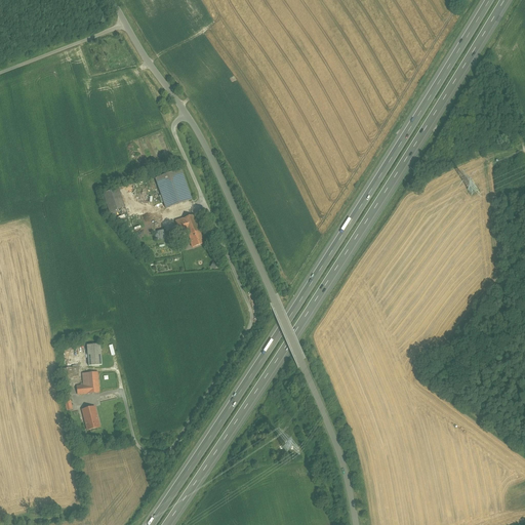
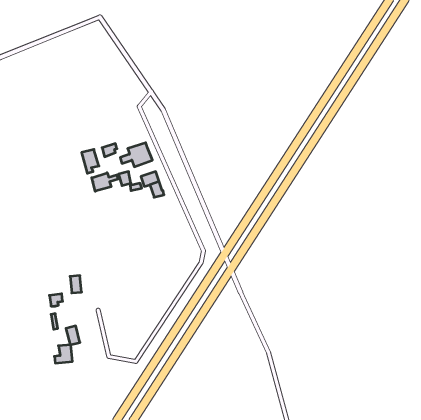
building: none -> [92,173,118,191]
building: [77,370,99,393] -> [54,345,72,363]

